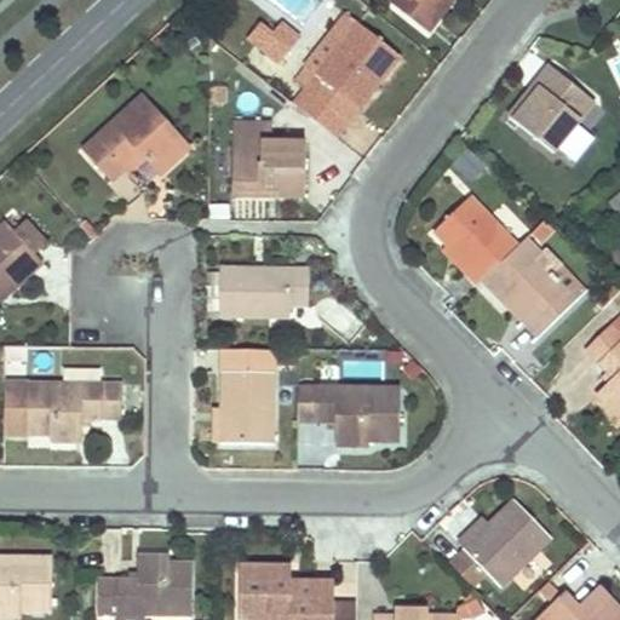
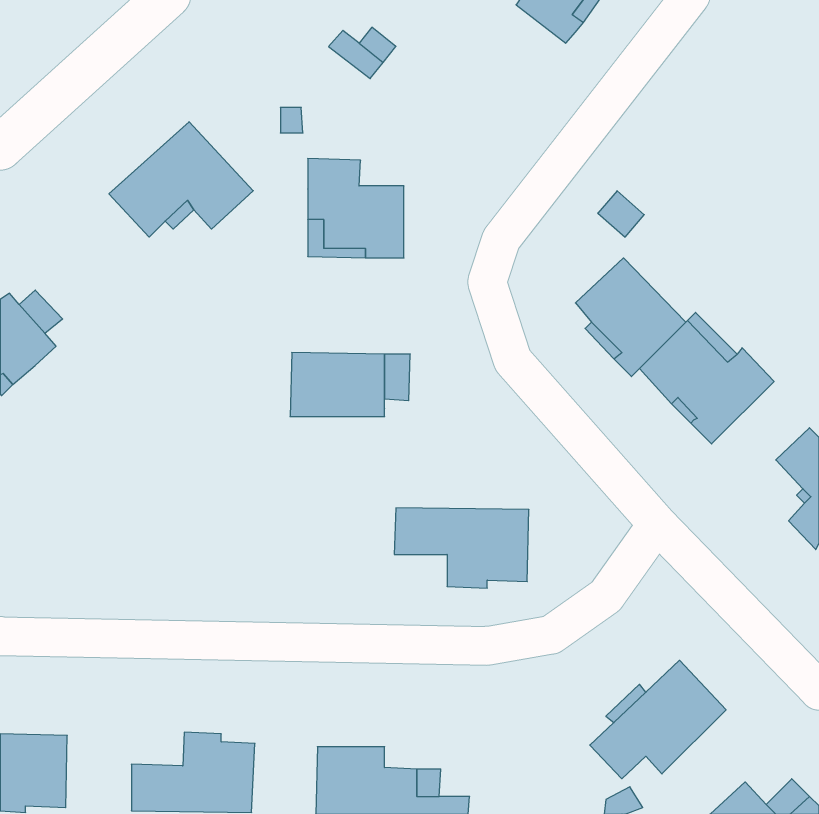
building: [294,8,401,133] -> none
building: [498,63,596,165] -> none
building: [222,348,275,442] -> none
building: [5,381,120,441] -> none

